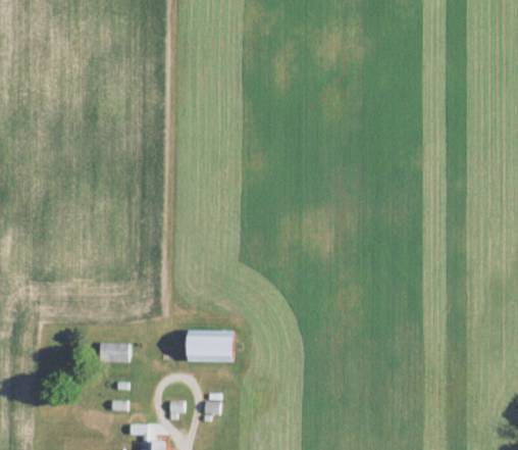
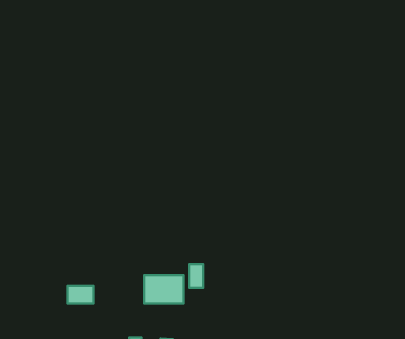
building: none -> [189,264,203,288]

